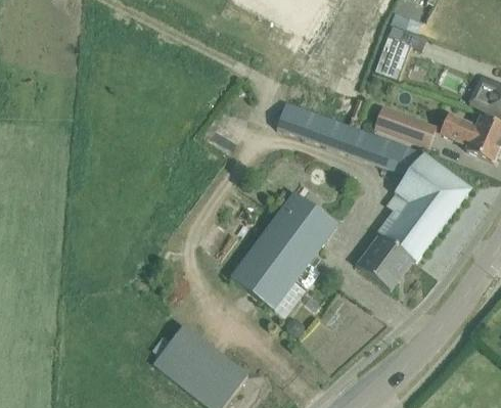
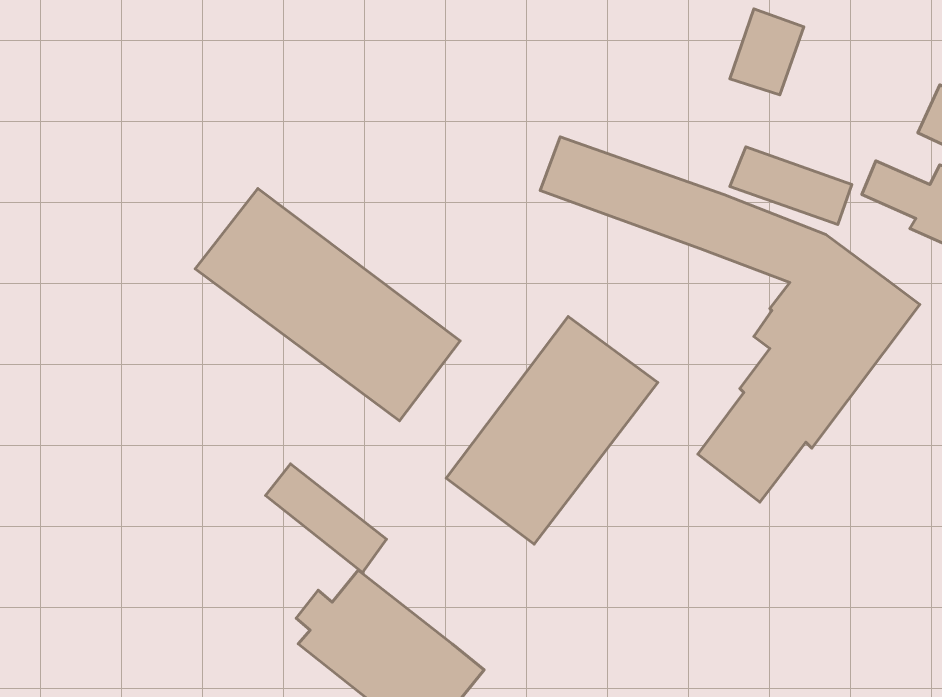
building: none -> [195,188,460,421]
building: none -> [265,464,386,573]

